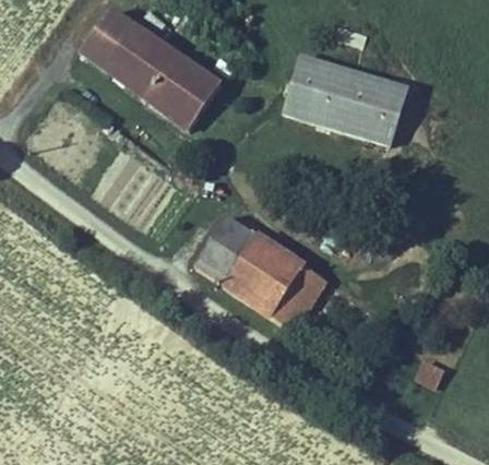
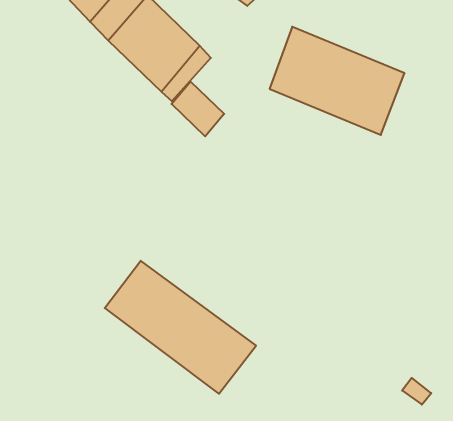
building: none -> [171,81,224,136]
building: [190,215,327,327] -> [105,261,256,394]

